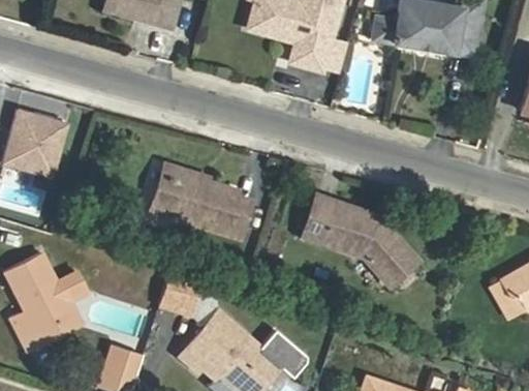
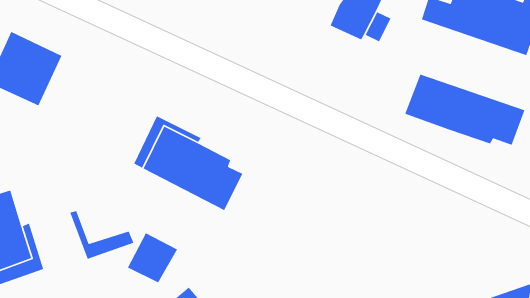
building: none -> [404,74,525,146]
building: [298,197,411,284] -> none
building: none -> [69,210,135,260]

